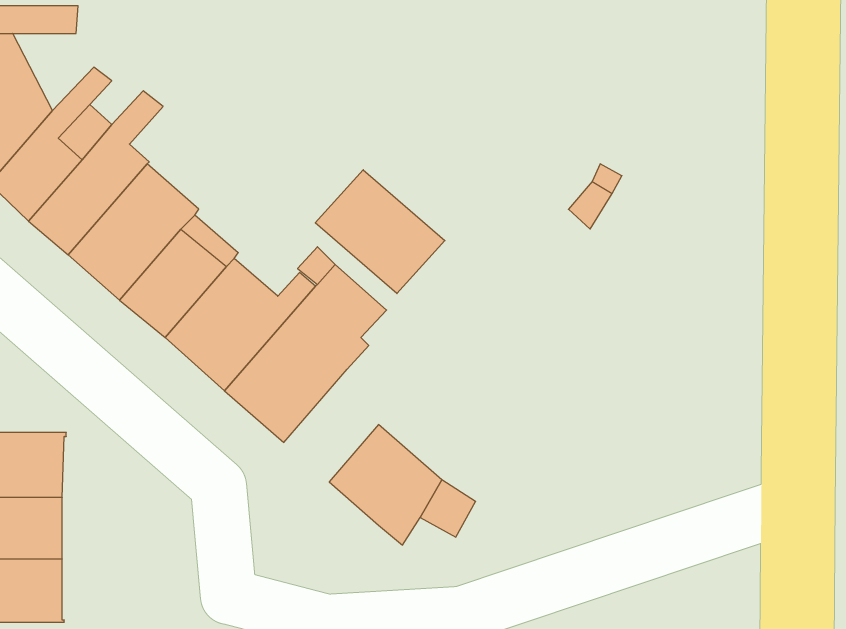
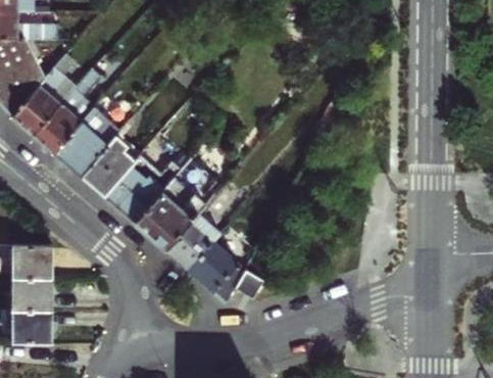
building: [315,170,445,294] -> none
building: none -> [163,211,219,270]

